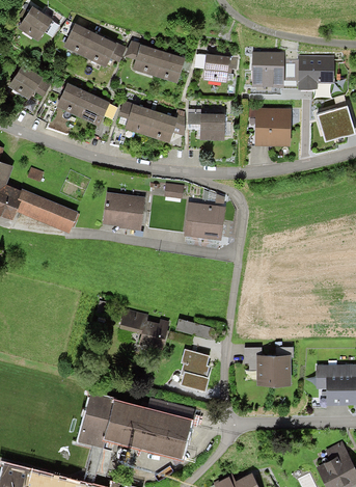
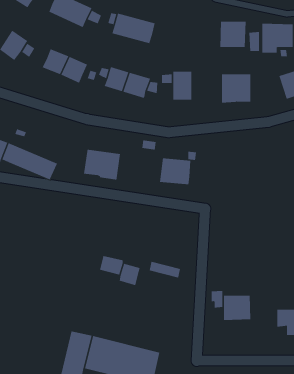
building: [204,57,228,82] -> none
building: [182,351,209,388] -> none

